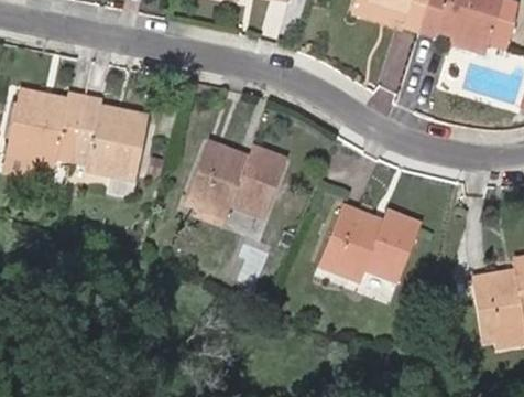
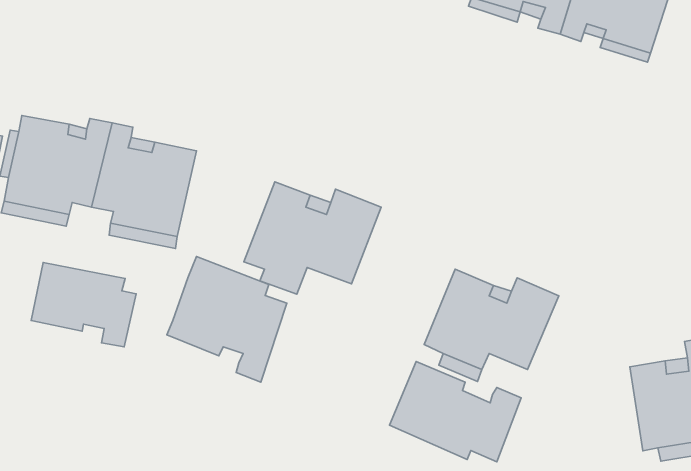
building: none -> [167,257,287,382]
building: none -> [31,262,136,347]
building: none -> [389,361,521,462]

